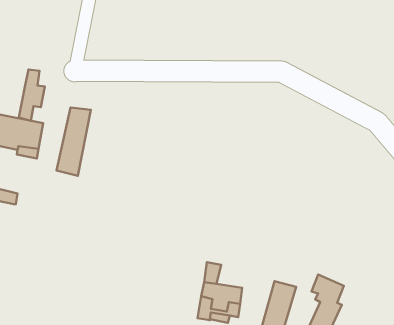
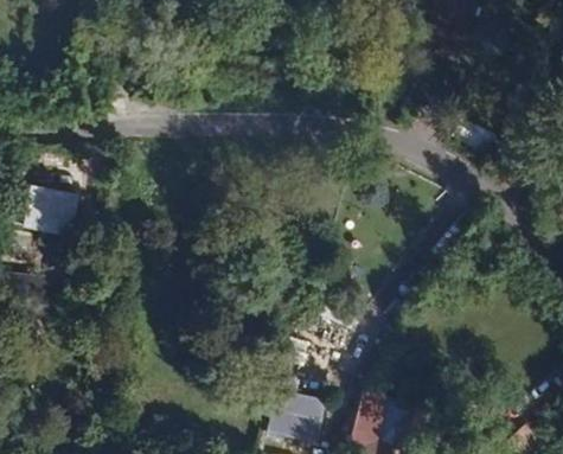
building: [19,69,45,121] -> none
building: [56,108,91,176] -> none

